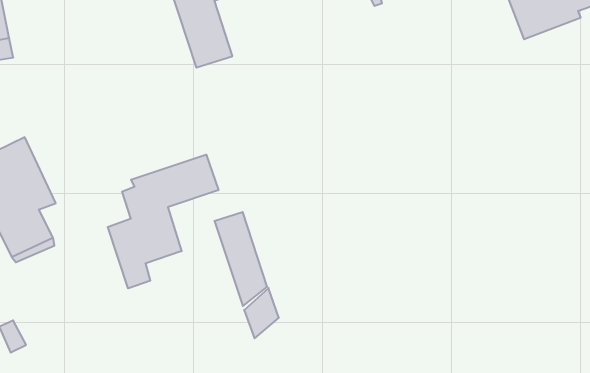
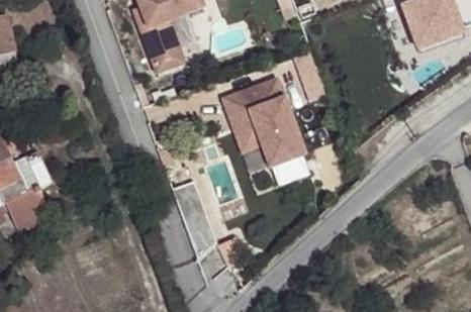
building: none -> [221,82,300,170]
building: [108,155,218,288] -> none

